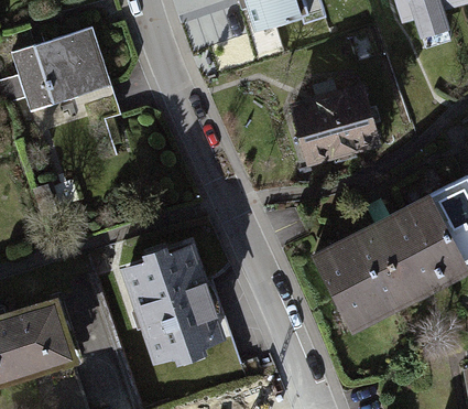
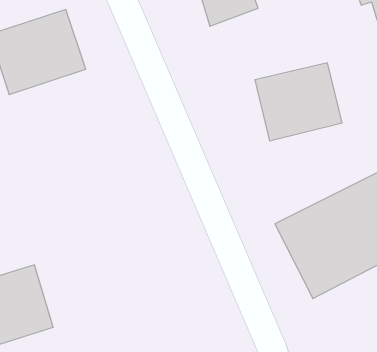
building: [124,245,226,364] -> none

